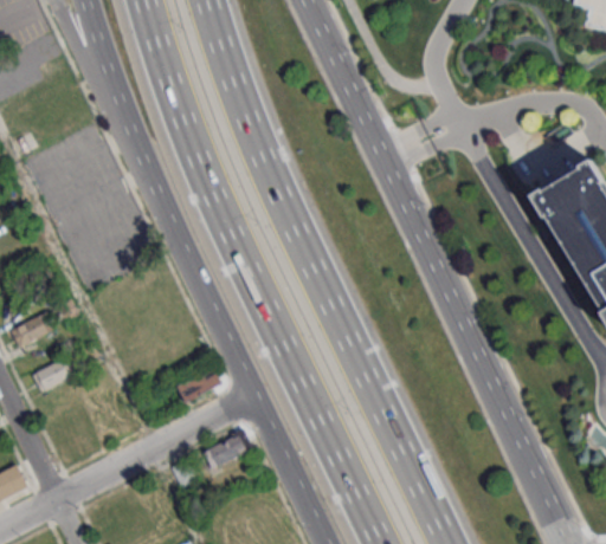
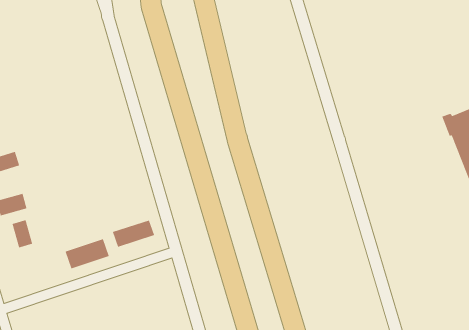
building: none -> [11,219,33,248]
building: [201,429,254,472] -> [65,238,110,270]

